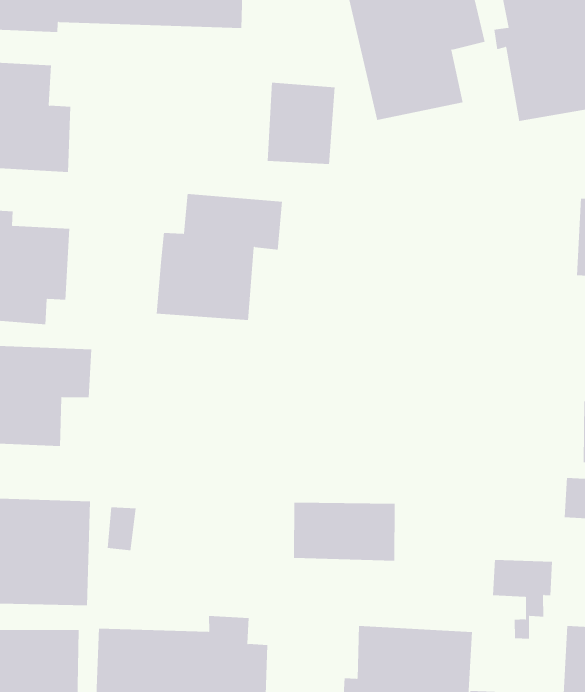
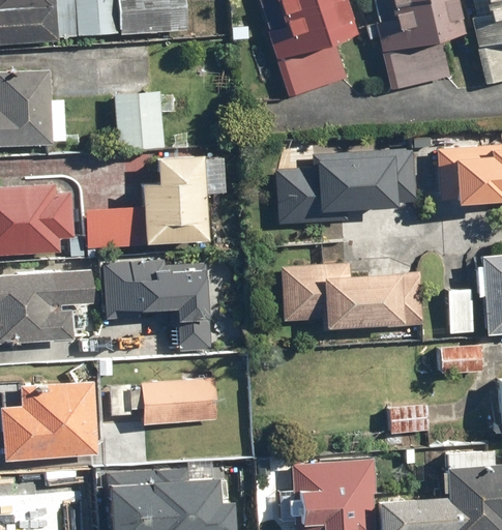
building: [267,82,336,165] -> [116,93,163,150]
building: none -> [277,153,419,226]
building: none -> [85,206,137,246]
building: none -> [106,260,210,348]
building: none -> [280,257,423,331]
building: [293,502,395,561] -> [139,381,214,424]

